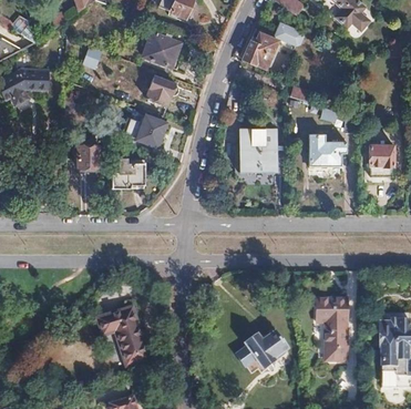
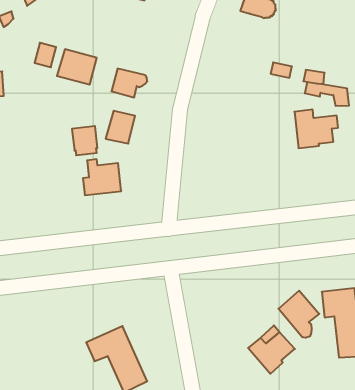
building: [243,31,278,68] -> none
building: [143,32,181,67] -> [57,49,97,85]
building: [240,129,276,170] -> none
building: [78,146,99,171] -> [72,126,97,155]
building: none -> [278,291,319,338]

